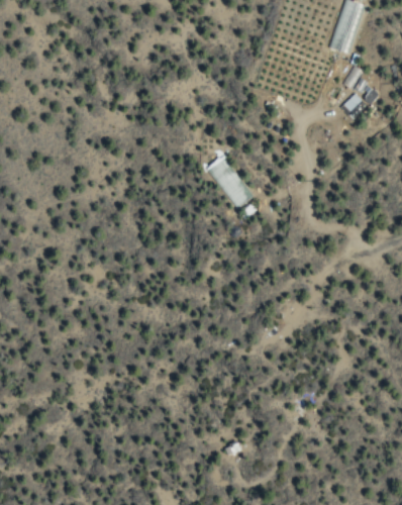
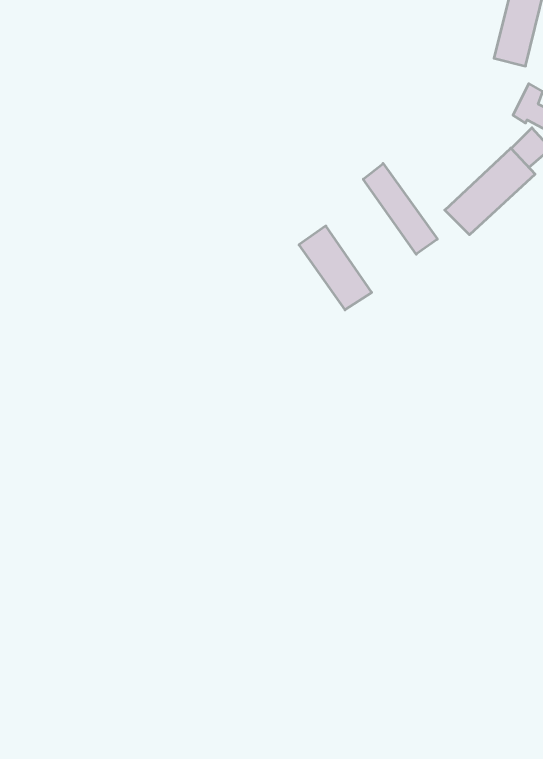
building: none -> [445,148,535,235]
building: none -> [363,163,437,254]

